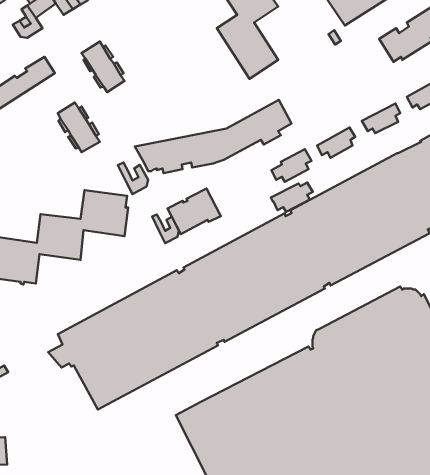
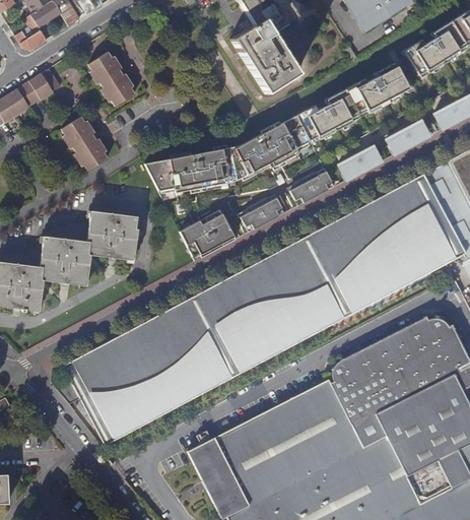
building: none -> [298,62,409,140]
building: [118,163,148,194] -> none
building: [271,182,313,212] -> [239,197,283,229]
building: [152,214,179,243] -> none

